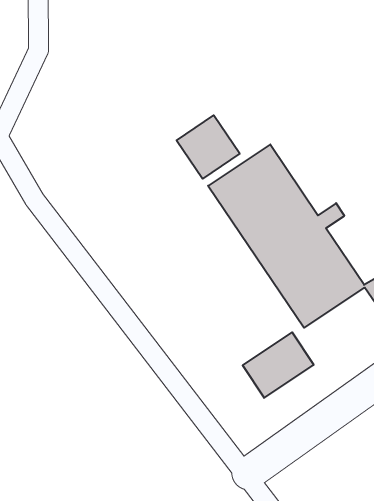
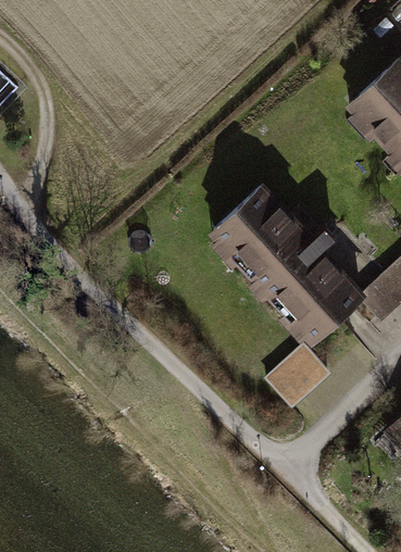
building: [177,115,240,179] -> none

